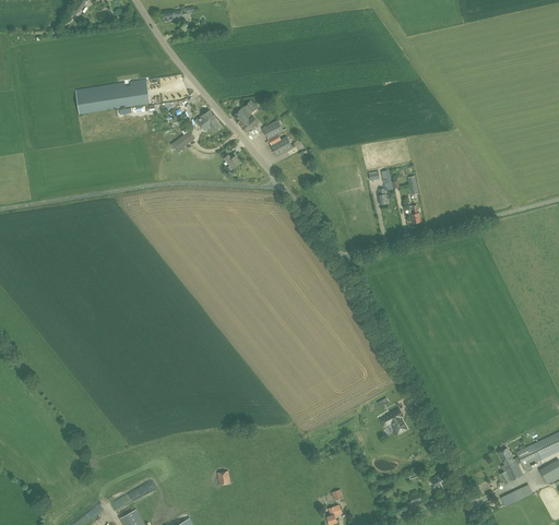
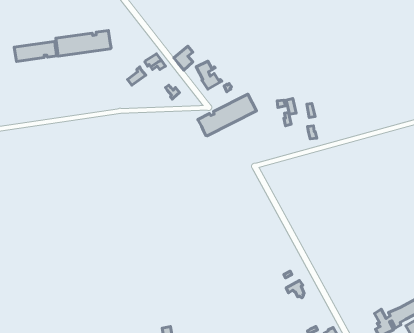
building: none -> [14,41,57,62]
building: none -> [198,94,256,136]

